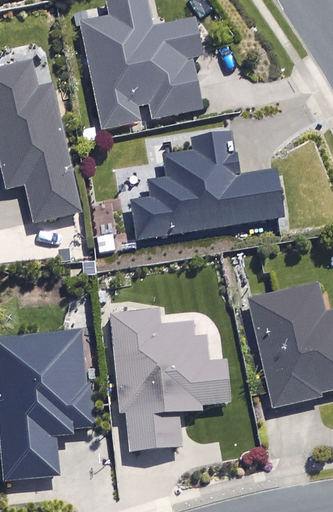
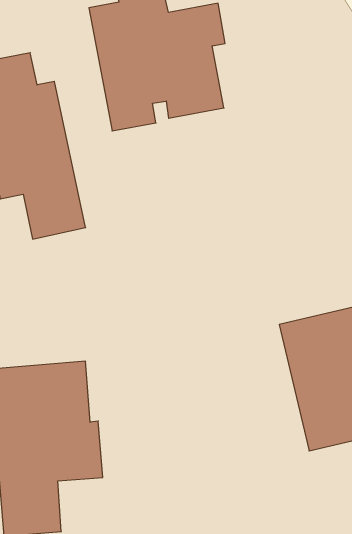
building: [130,131,282,240] -> none
building: [110,309,228,449] -> none

